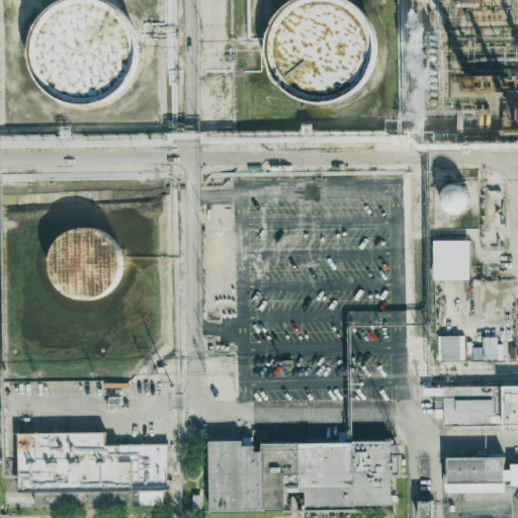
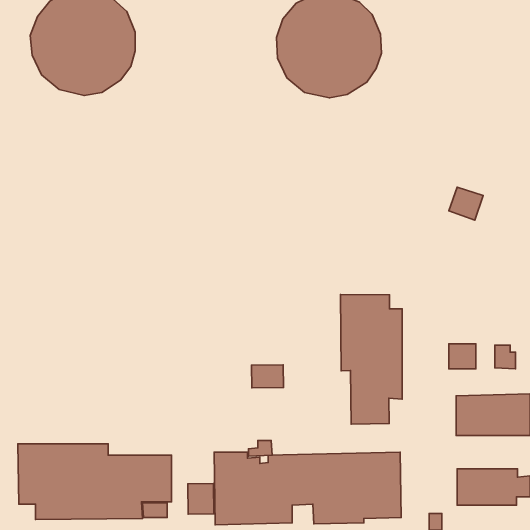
building: [49,225,124,299] -> none
building: [433,239,469,279] -> none
building: none -> [340,295,402,424]
building: none -> [252,365,283,388]
building: none -> [188,483,214,514]

